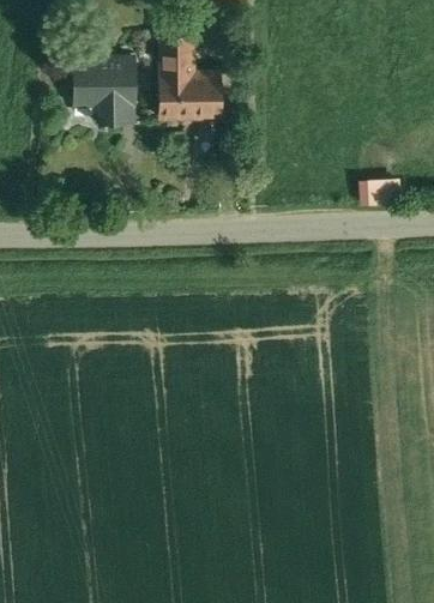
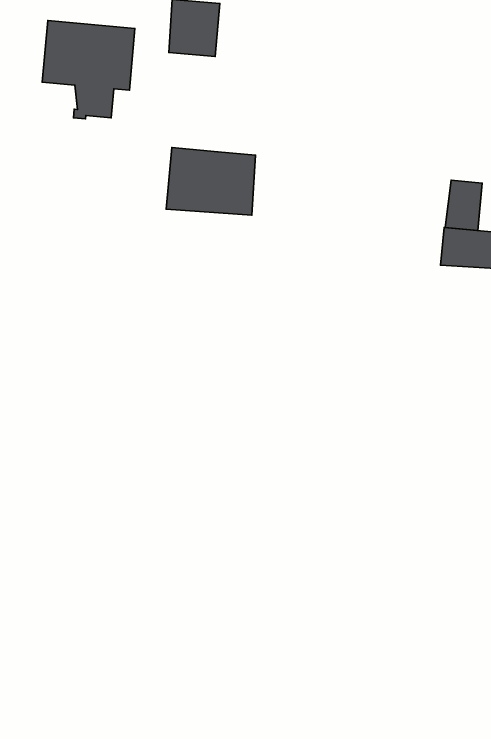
building: [159,77,219,120] -> [166,148,255,215]
building: none -> [445,180,482,231]

